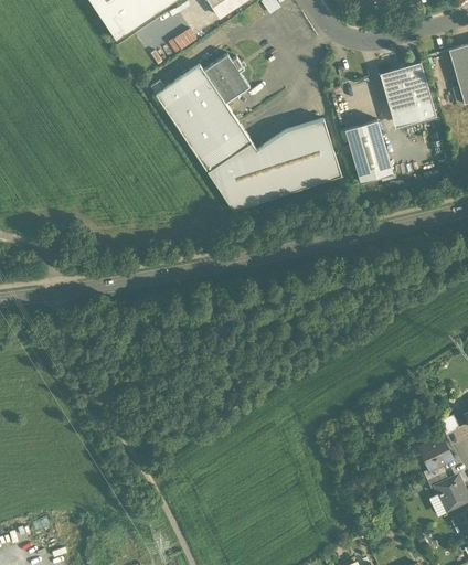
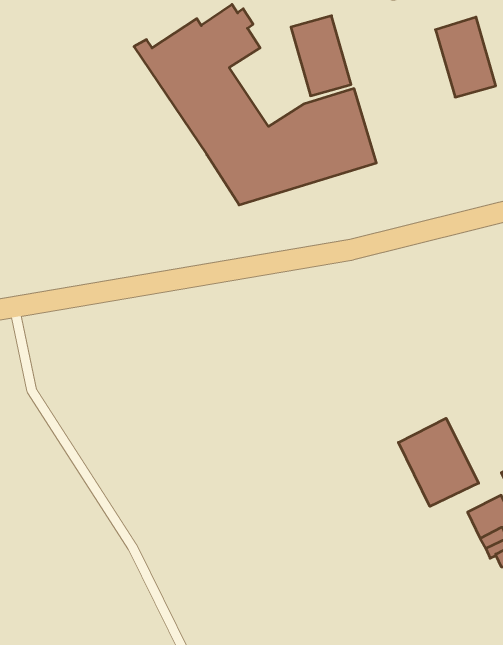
building: [344,119,392,182] -> [291,16,351,96]
building: none -> [398,418,479,506]

